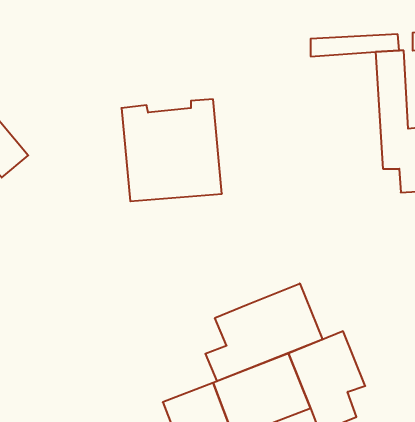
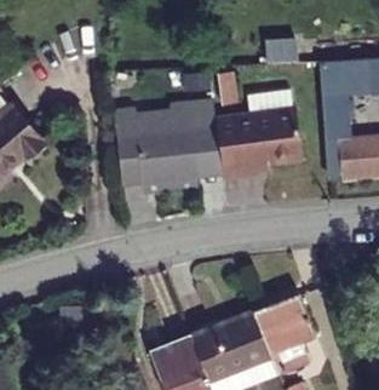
building: none -> [217,90,305,180]
building: [205,283,322,381] -> none

